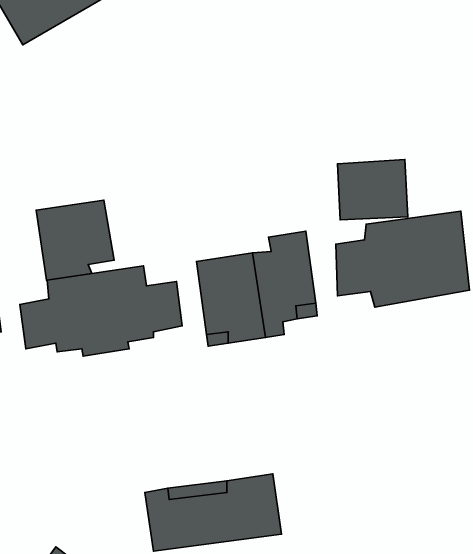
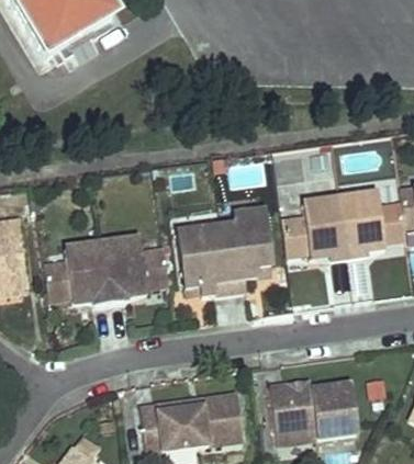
building: [36,200,114,280] -> none
building: none -> [273,380,360,449]

